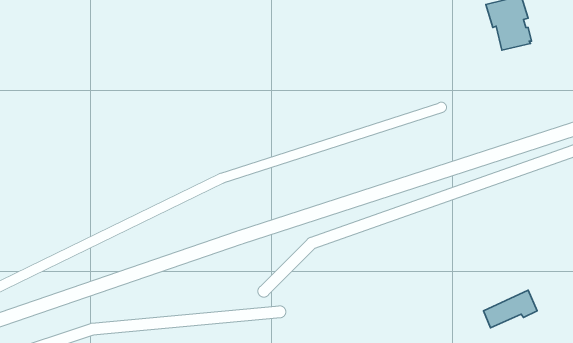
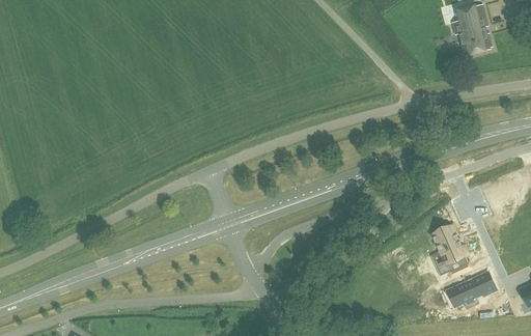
building: none -> [432,224,473,276]

